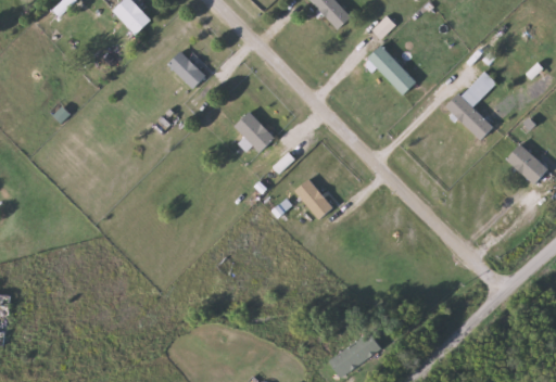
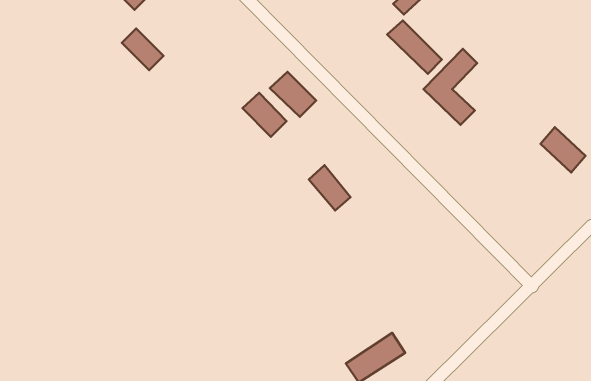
building: [167,50,205,88] -> [122,29,163,70]
building: [446,69,495,139] -> [424,49,477,125]
building: none -> [270,72,316,117]

